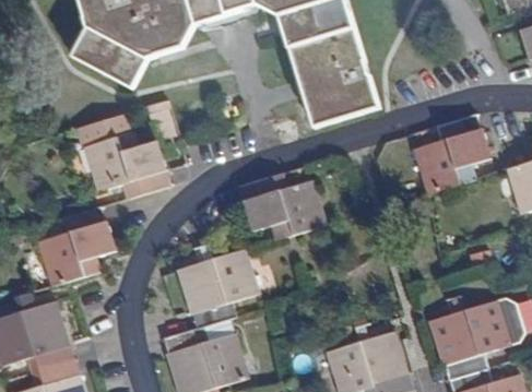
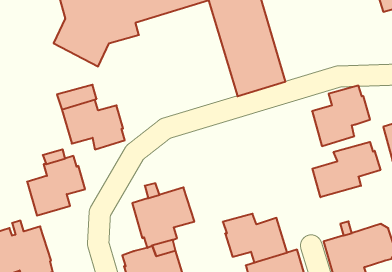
building: [240,173,326,237] -> [223,214,287,263]
building: none -> [312,142,380,197]

